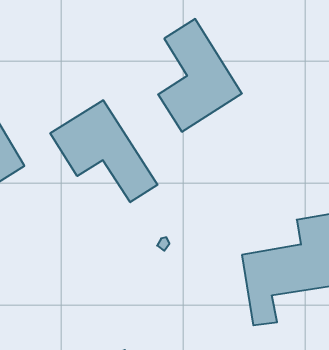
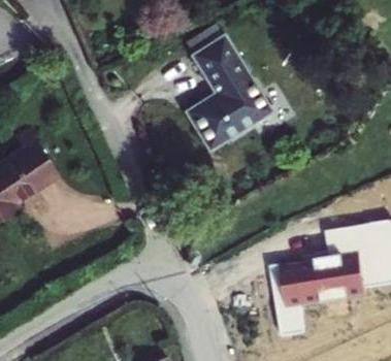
building: [50,100,157,202] -> none

